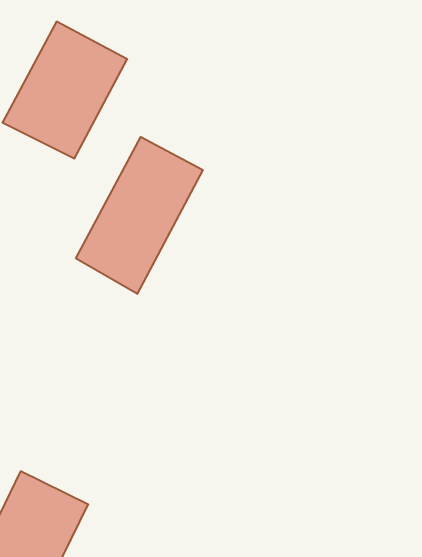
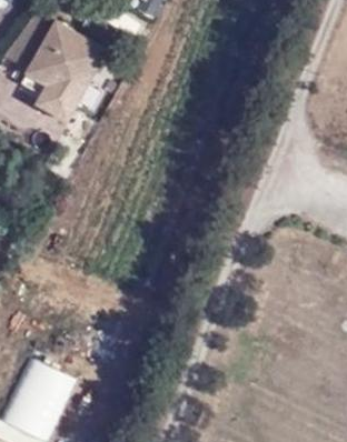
building: [76,137,203,294] -> none

